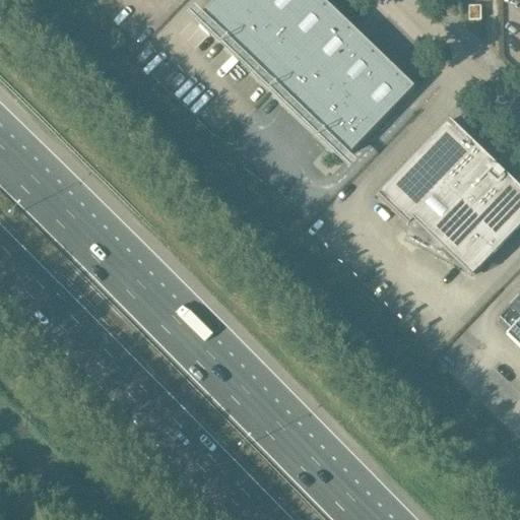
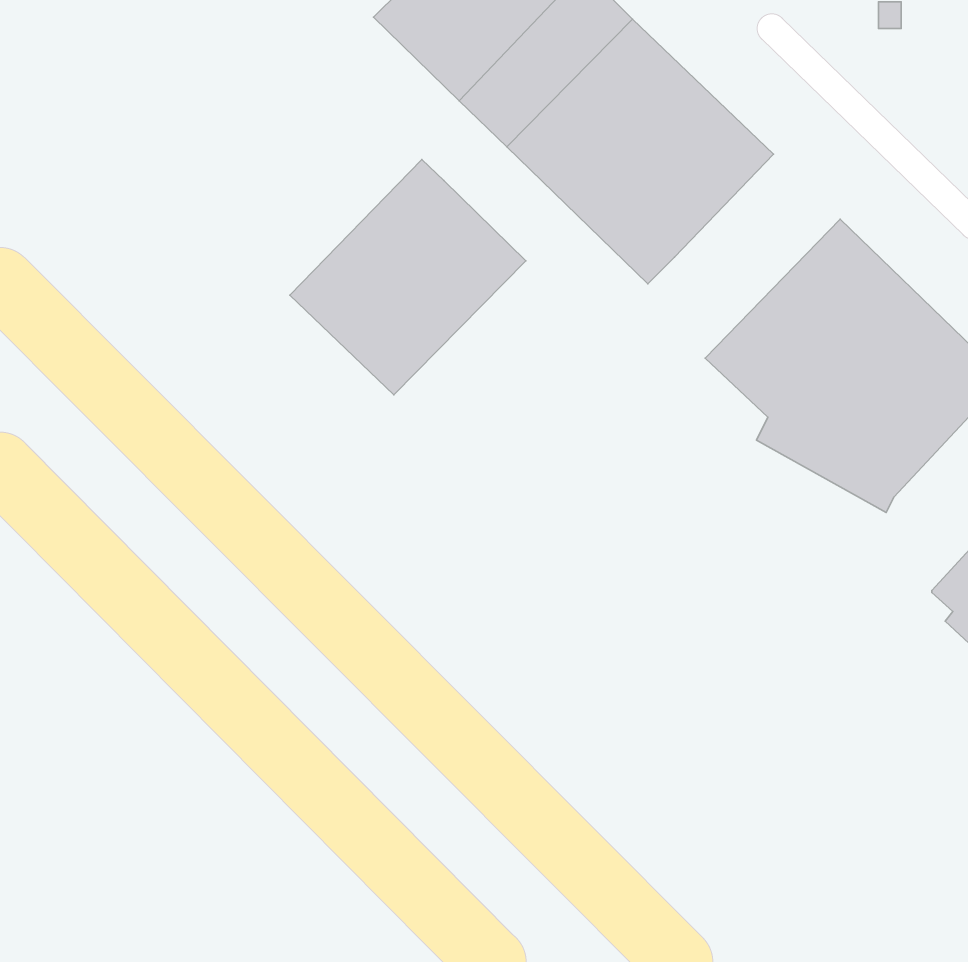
building: none -> [290,160,526,395]

